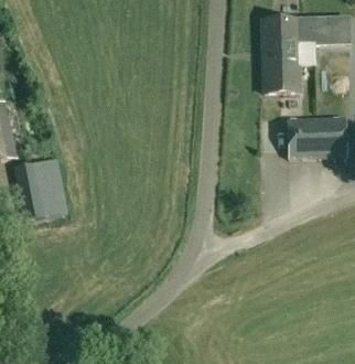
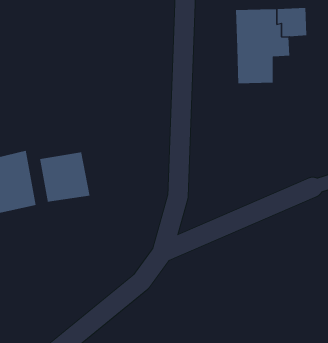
building: [288,116,347,158] -> none
building: none -> [39,152,90,202]

